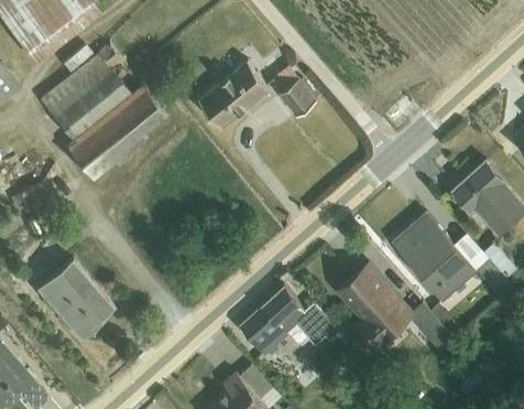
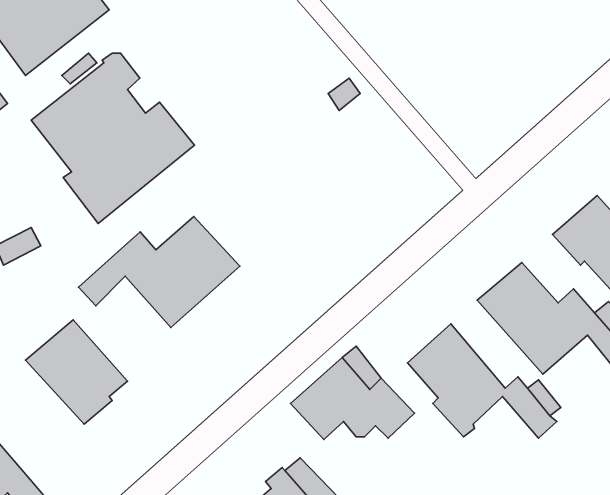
building: [197,62,269,130] -> none
building: [277,79,315,120] -> none
building: none -> [79,217,240,327]

